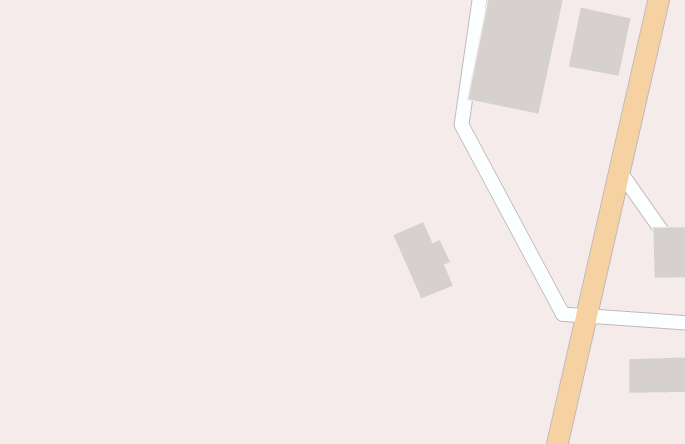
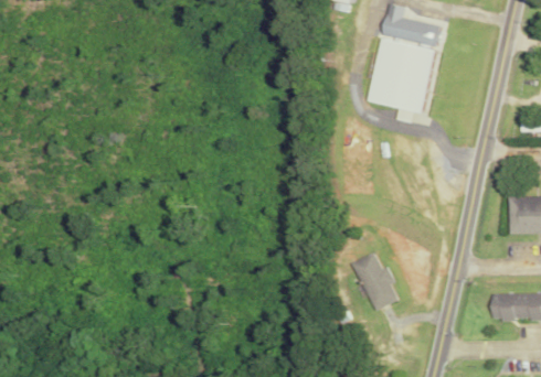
building: [568,7,631,77] -> none
building: [393,222,454,299] -> [350,251,395,309]

